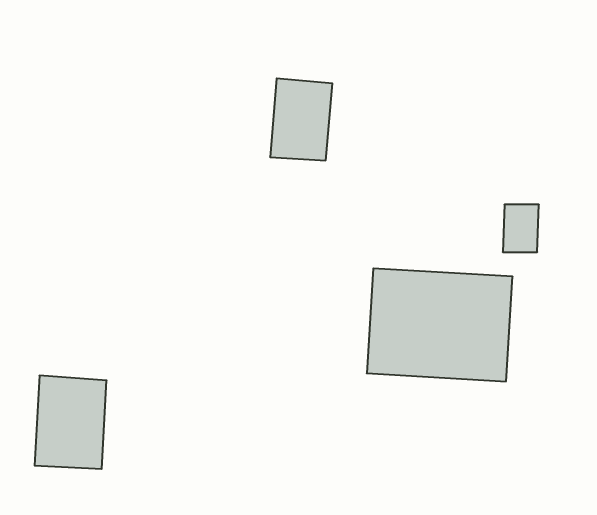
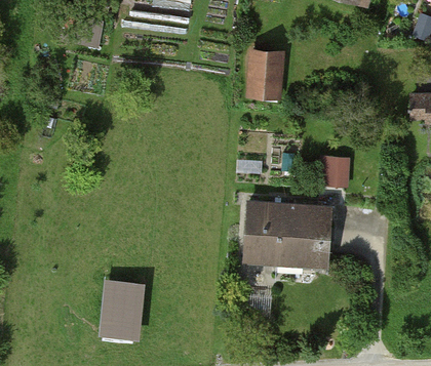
building: [270,78,332,160] -> [245,49,284,100]
building: [35,376,107,469] -> [100,281,145,339]

